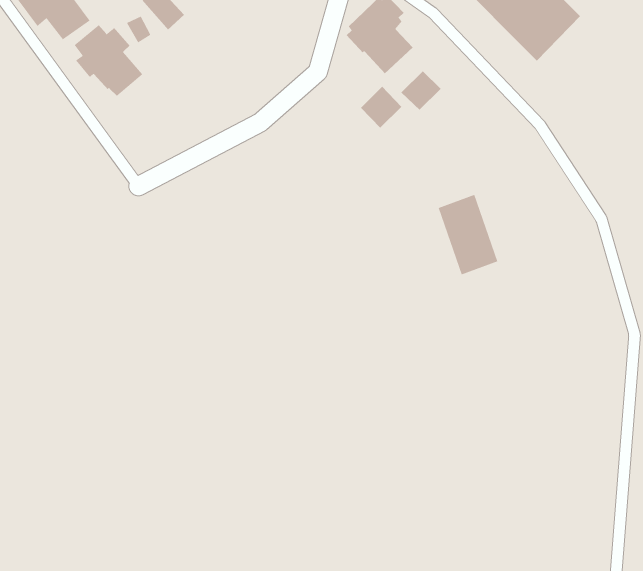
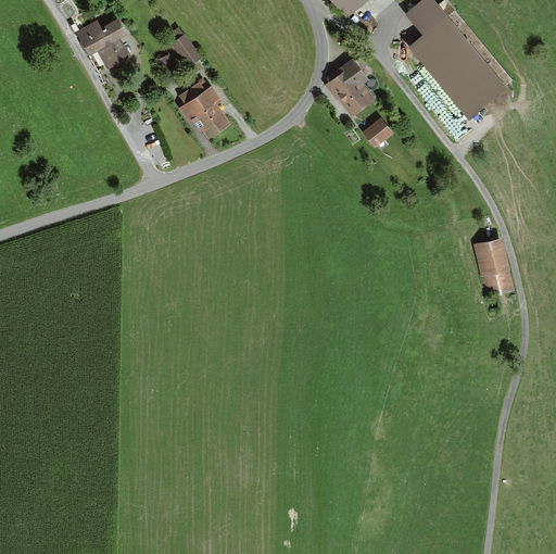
building: [74,24,143,96] -> [178,81,229,138]
building: [360,86,402,129] -> none
building: [438,194,498,275] -> [472,237,515,298]

